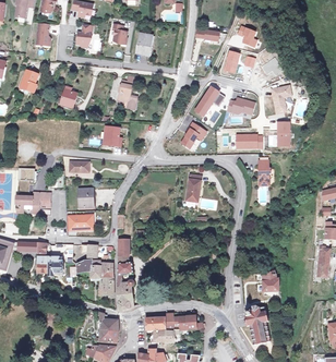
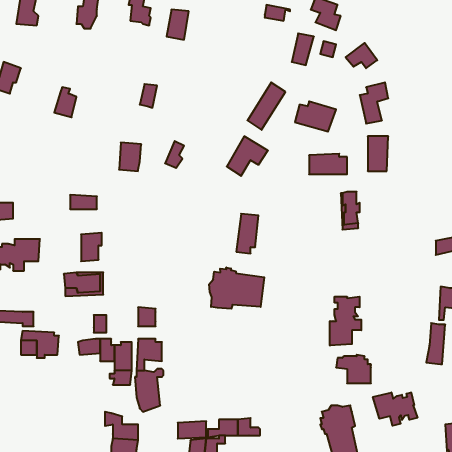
building: none -> [209,267,264,309]
building: none -> [330,297,361,346]
building: none -> [373,392,417,426]

